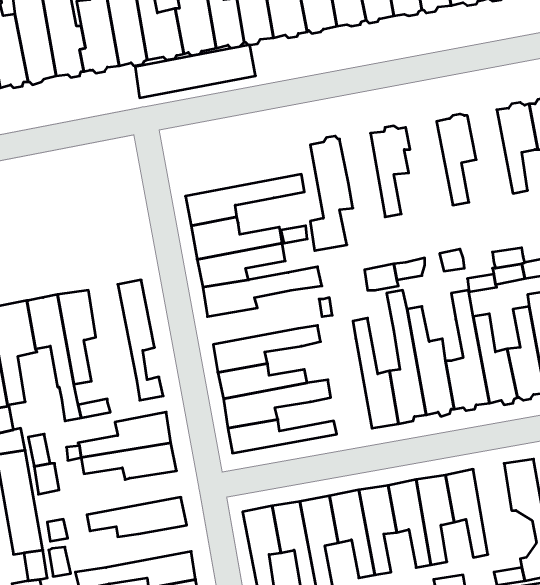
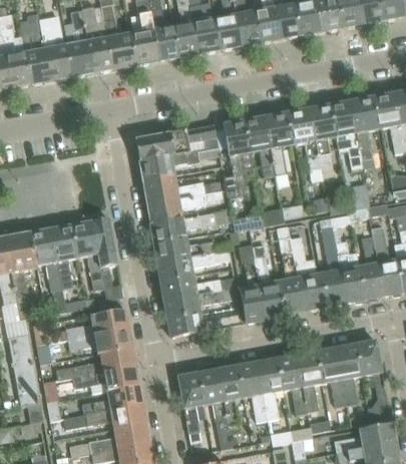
building: [135,45,256,98] -> [135,124,218,160]
building: none -> [331,101,363,167]
building: none -> [288,109,321,168]
building: none -> [244,117,275,176]
building: none -> [72,220,105,289]
building: none -> [153,237,229,262]
building: none -> [237,243,266,323]
building: none -> [335,343,361,405]
building: none -> [55,348,135,380]
building: none -> [82,385,142,414]

